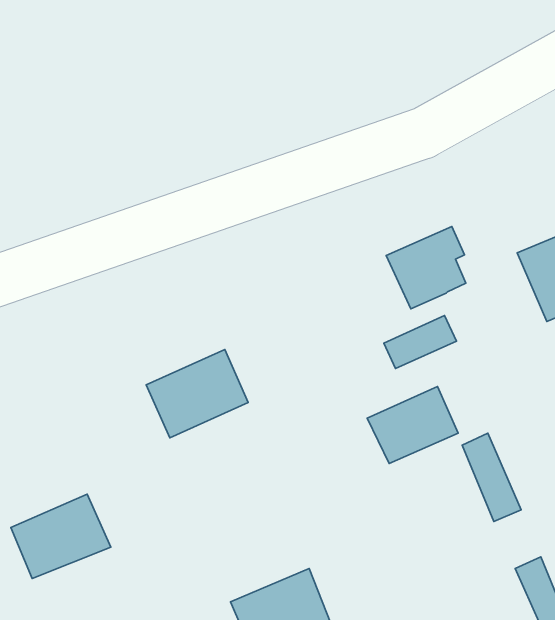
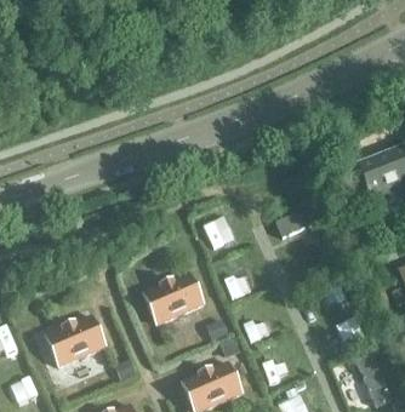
building: [386,226,466,309] -> none
building: [146,349,248,438] -> [143,270,206,325]
building: [367,386,458,464] -> none

